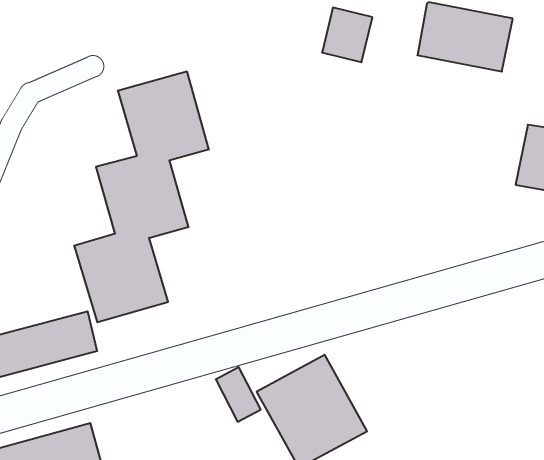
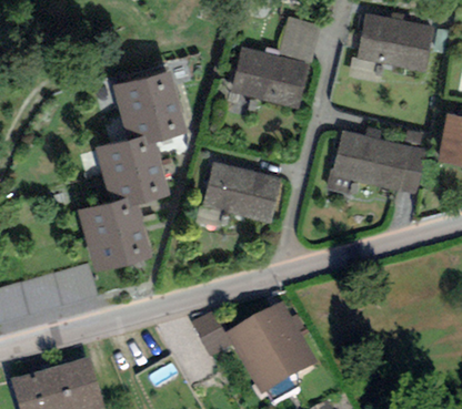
building: none -> [230,48,310,108]
building: none -> [327,131,425,195]
building: none -> [201,162,281,223]

